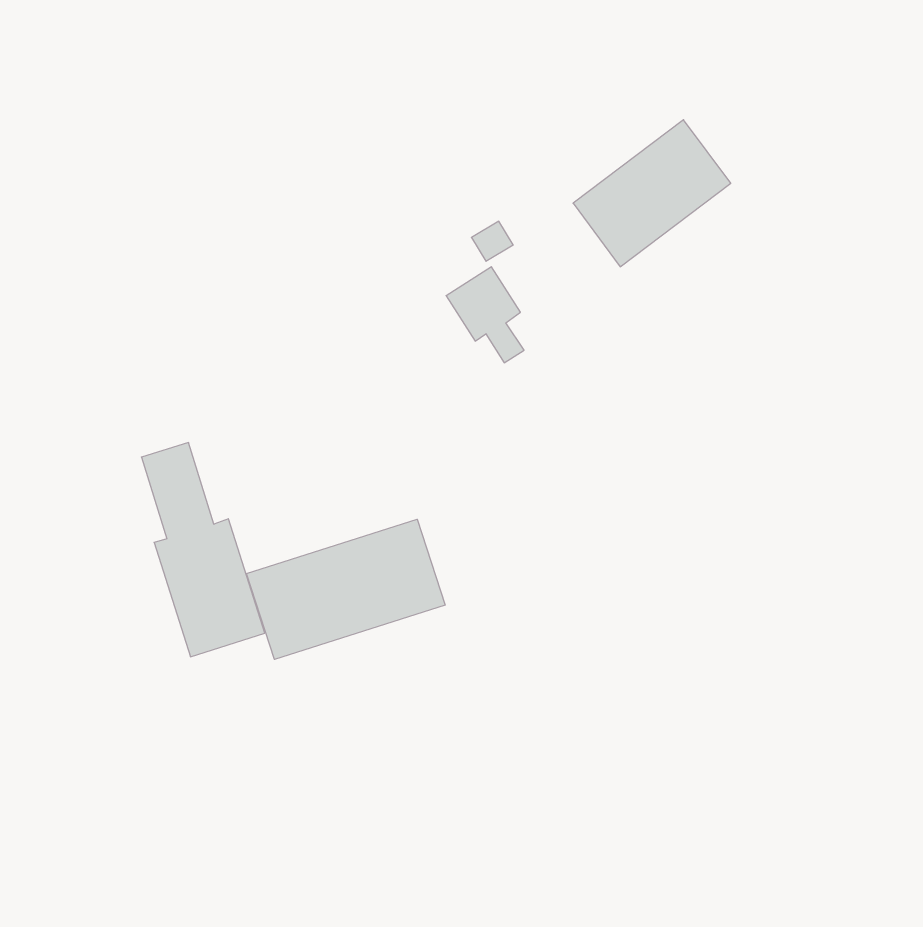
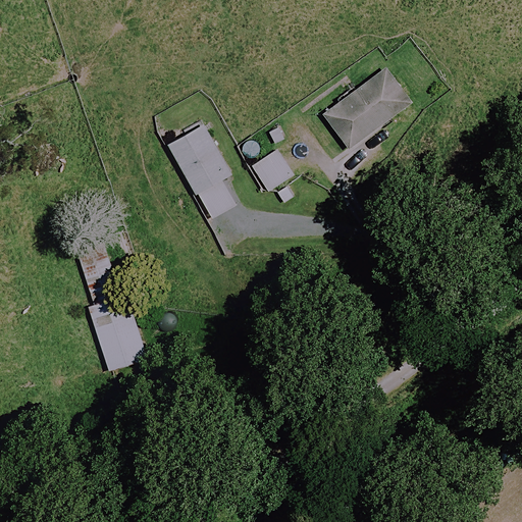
building: none -> [168,125,236,219]
building: [246,519,445,659] -> none

